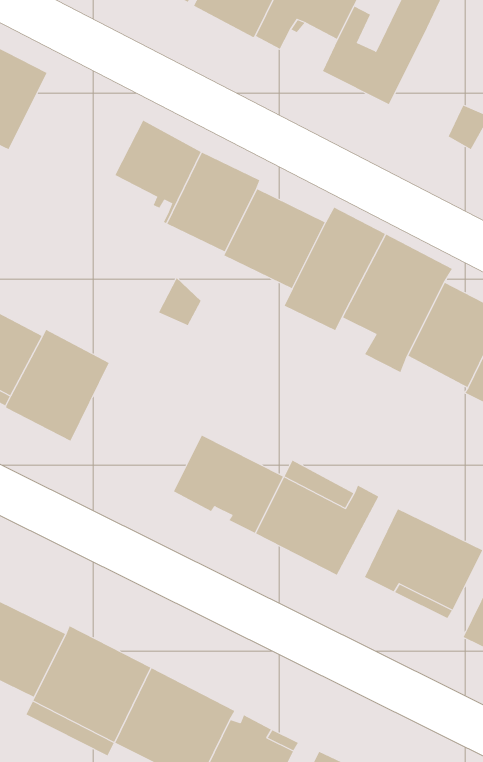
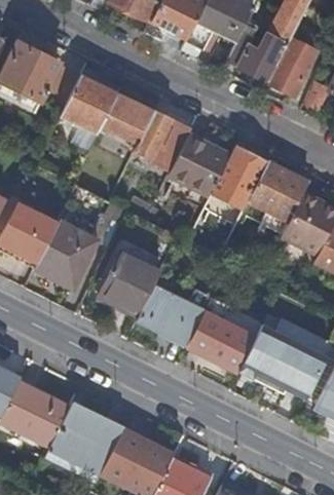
building: none -> [269,39,316,96]
building: none -> [61,73,118,132]
building: none -> [104,240,166,315]

